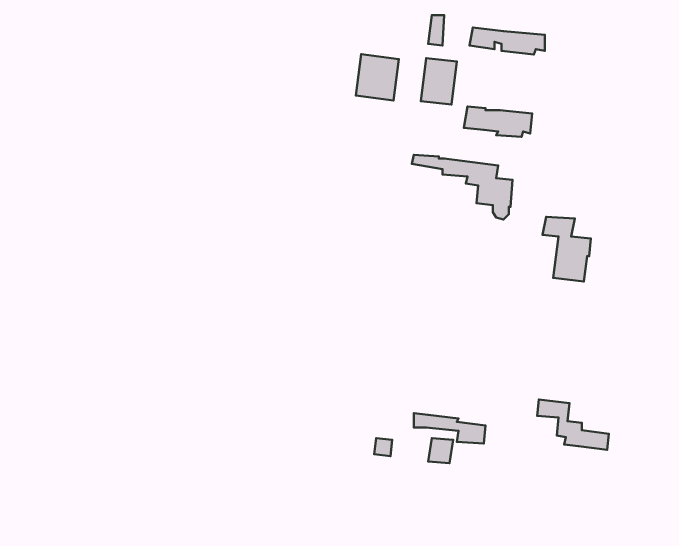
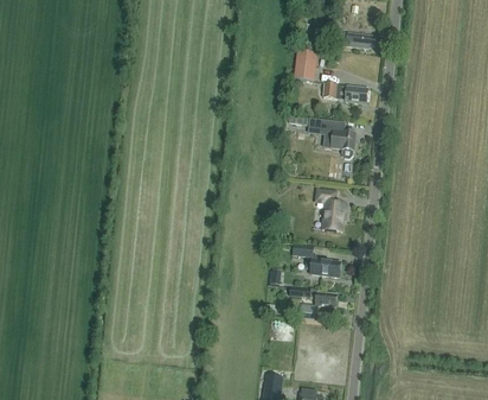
building: [356,54,399,100] -> none
building: [542,217,591,281] -> [316,190,348,233]
building: [537,400,609,450] -> [293,245,340,278]

